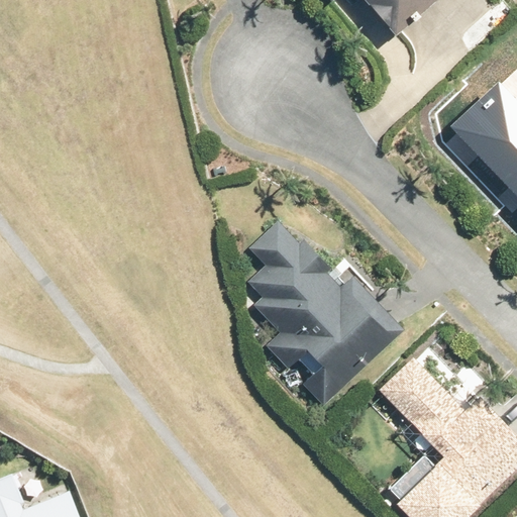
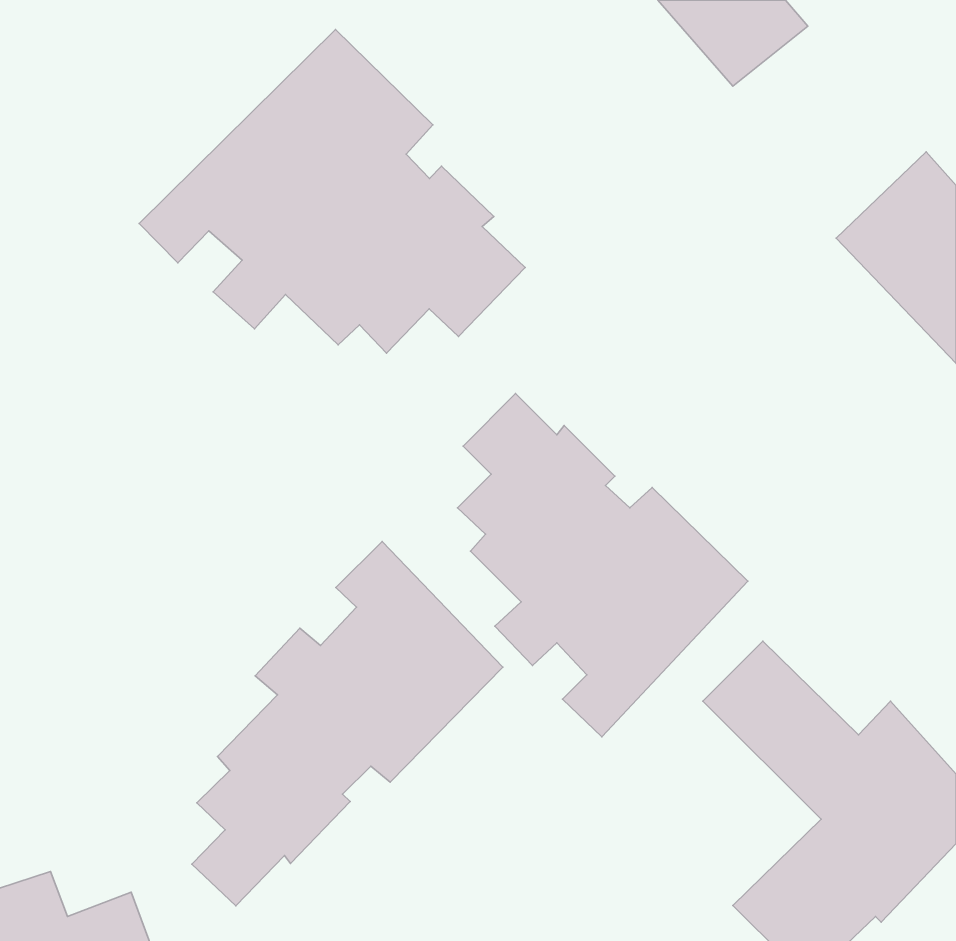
building: none -> [139,30,525,353]
building: none -> [192,541,503,906]

